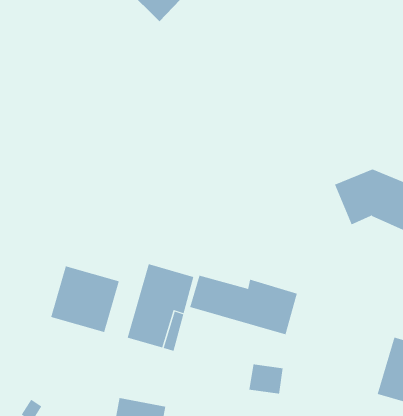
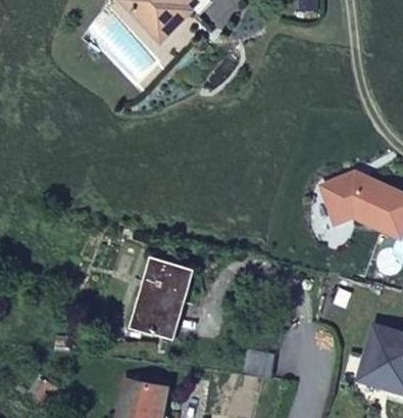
building: [50,265,119,333] -> none
building: [190,275,298,335] -> none

